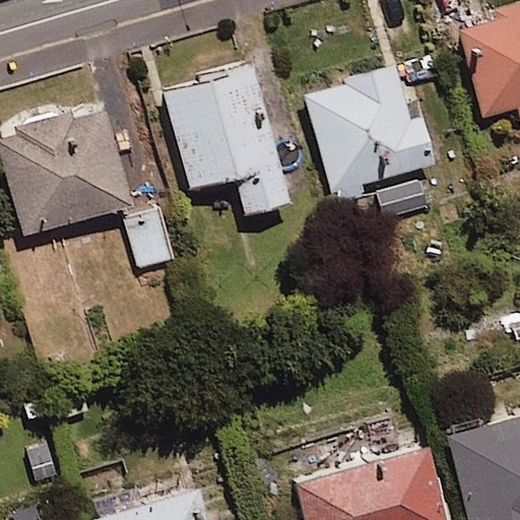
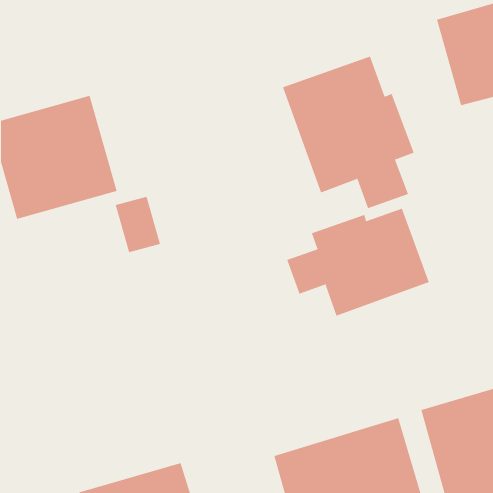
building: [164,66,288,214] -> none
building: none -> [286,208,430,316]

